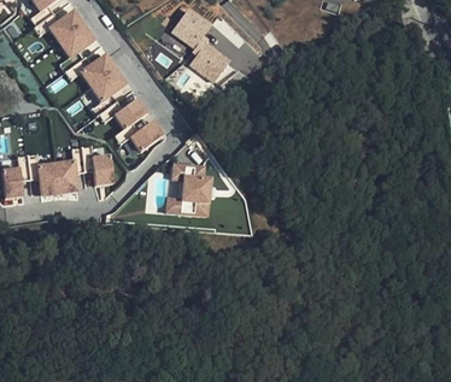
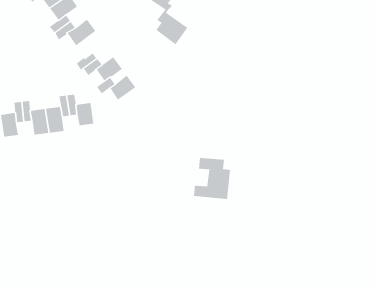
building: [92,69,127,101] -> none
building: [166,166,211,216] -> [193,158,231,199]

